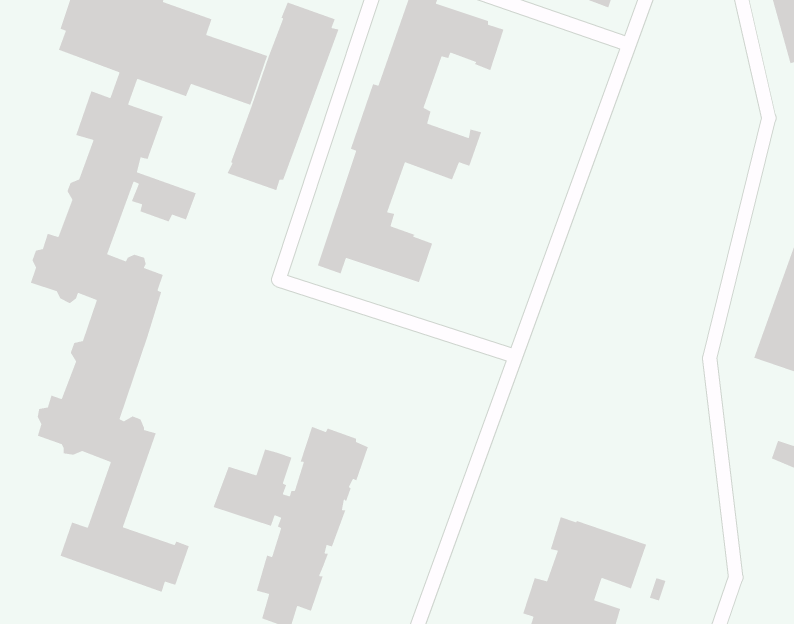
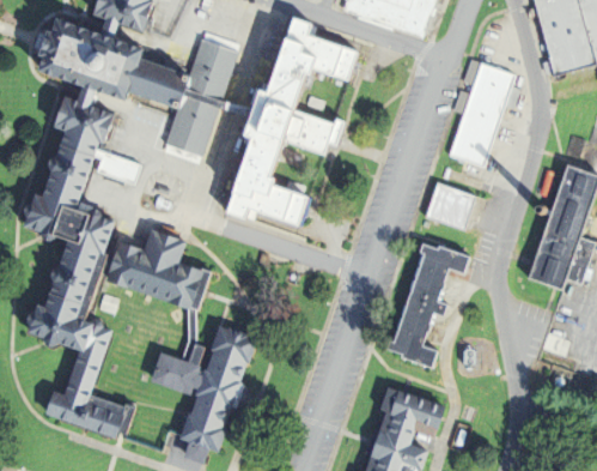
building: none -> [449,58,517,165]
building: none -> [425,181,476,229]
building: none -> [106,229,212,343]
building: none -> [382,243,470,368]

